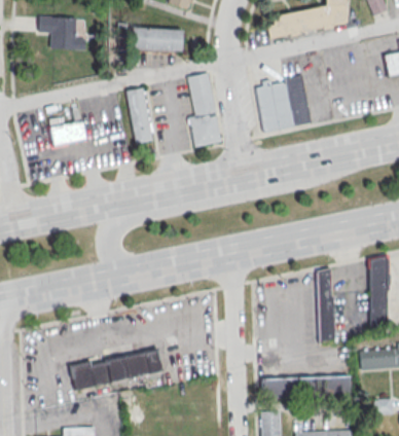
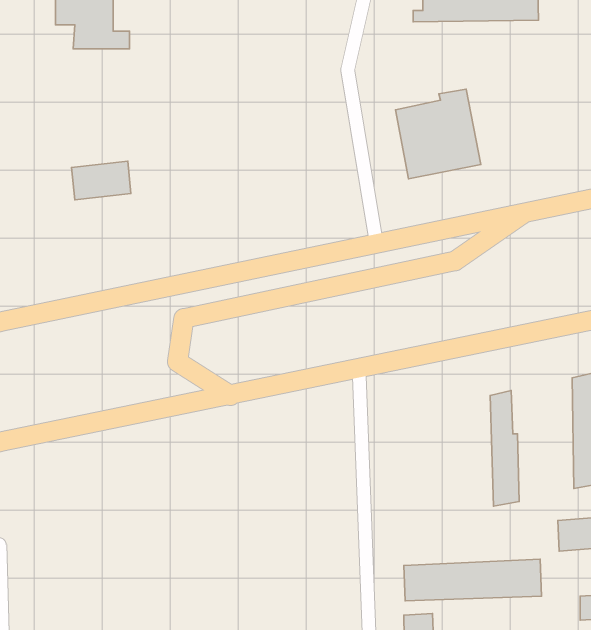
building: [132,27,182,49] -> none
building: [188,73,221,146] -> none
building: [125,87,152,142] -> none
building: [70,350,161,390] -> none

